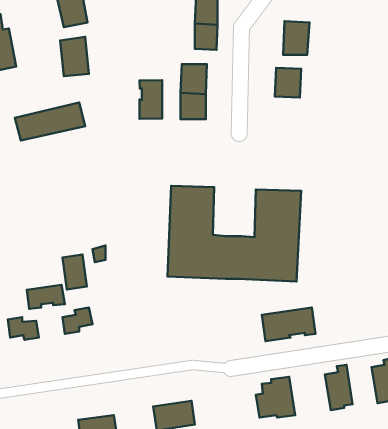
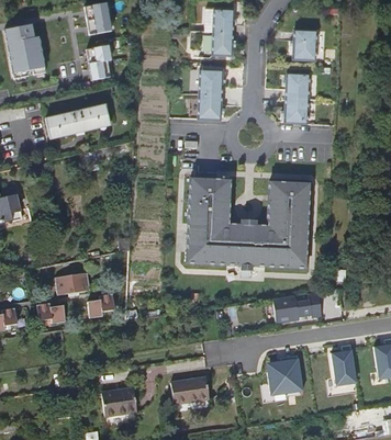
building: [140,80,162,119] -> none
building: none -> [283,98,308,123]
building: [62,254,87,289] -> none

